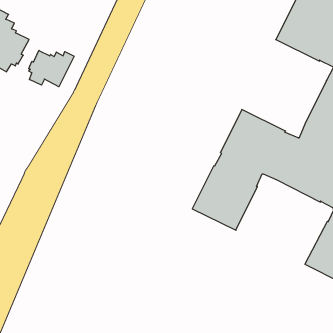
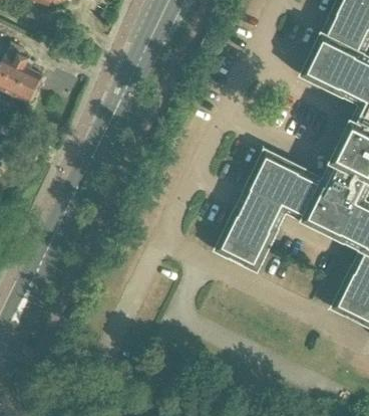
building: [29,50,74,87] -> none

